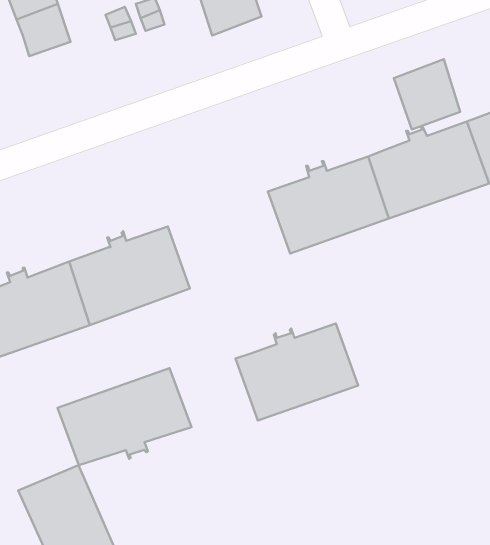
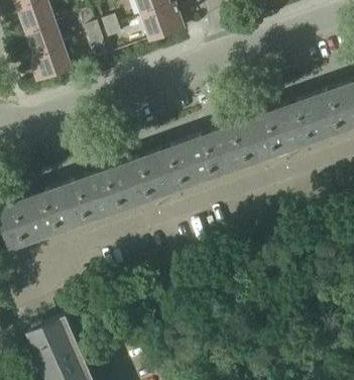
building: none -> [32,45,72,81]
building: [394,59,460,129] -> none
building: [236,324,358,421] -> [124,140,202,202]
building: [58,368,192,465] -> none

